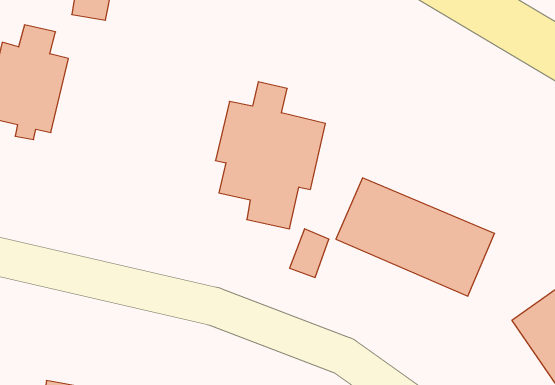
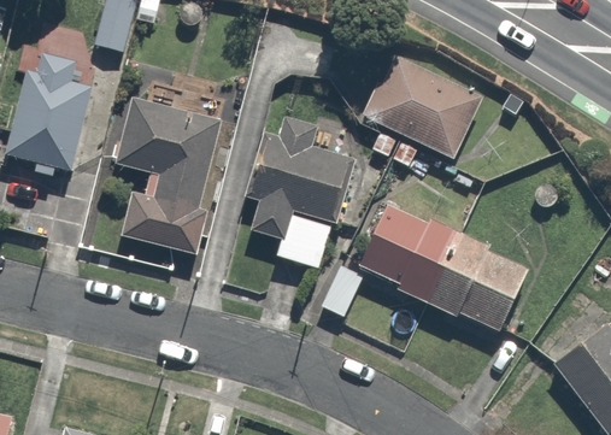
building: none -> [363,49,482,170]
building: none -> [116,96,219,247]

